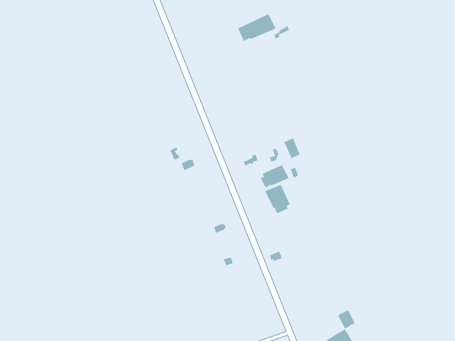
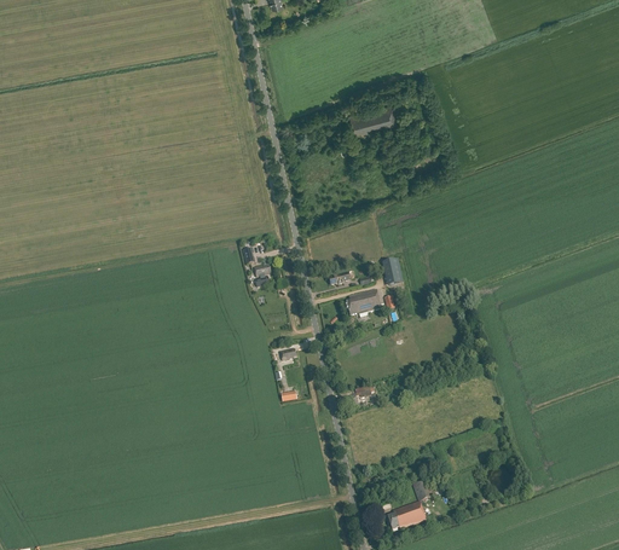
building: [265,184,291,214] -> none

